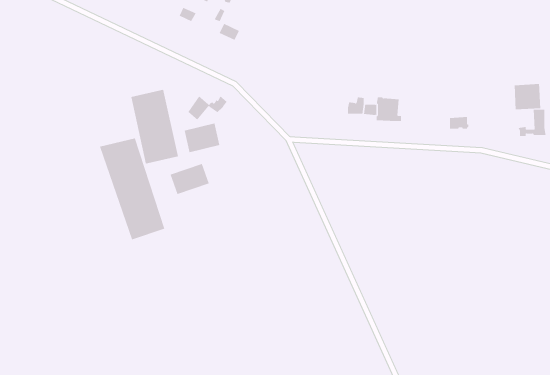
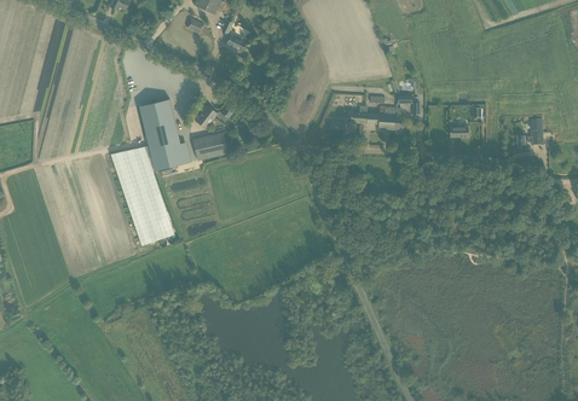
building: [514,83,541,110] -> none
building: [170,163,210,195] -> none

